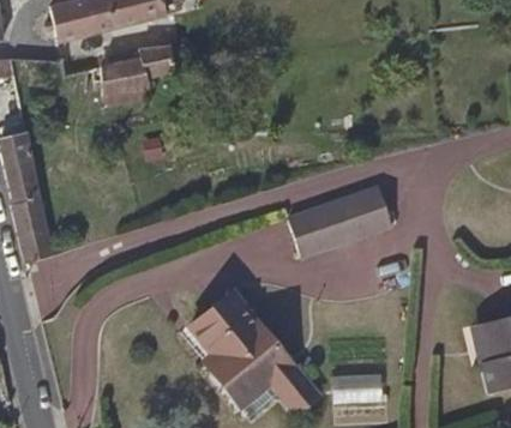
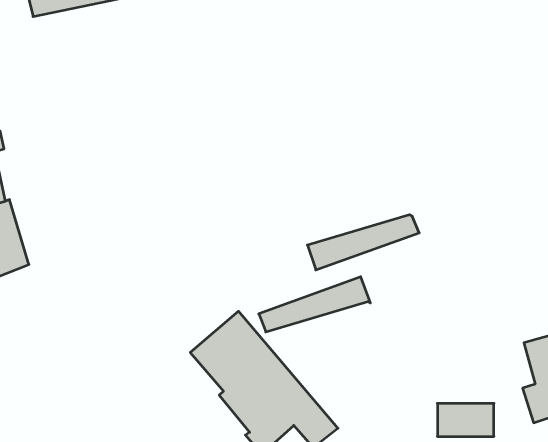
building: [97,43,174,90] -> none
building: [288,189,385,237] -> [259,277,370,332]
building: [333,370,383,399] -> [437,403,494,436]

